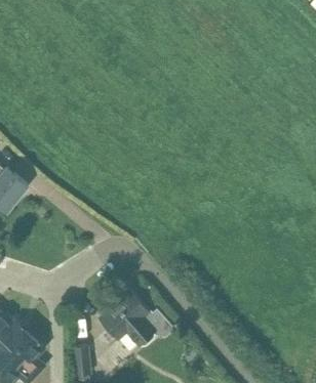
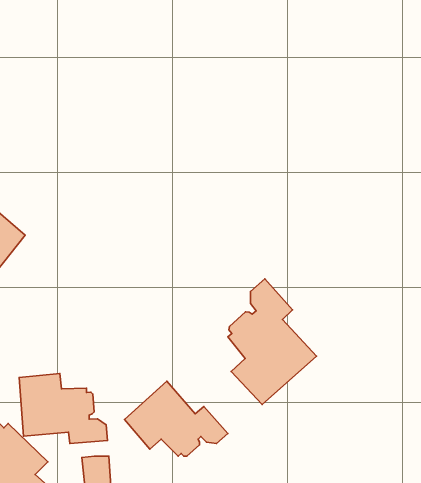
building: none -> [228,279,316,404]
building: none -> [19,373,107,443]

